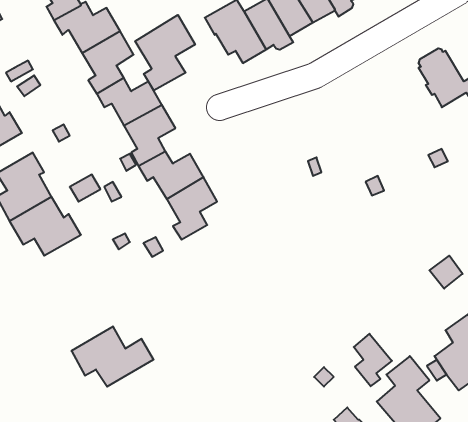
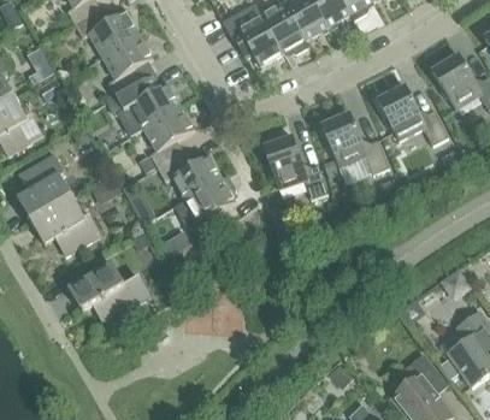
building: [135,15,195,91] -> none
building: none -> [378,82,448,146]
building: none -> [321,110,389,174]
building: none -> [264,132,327,199]
building: [71,326,154,387] -> [70,264,150,323]
building: [354,334,392,386] -> none

